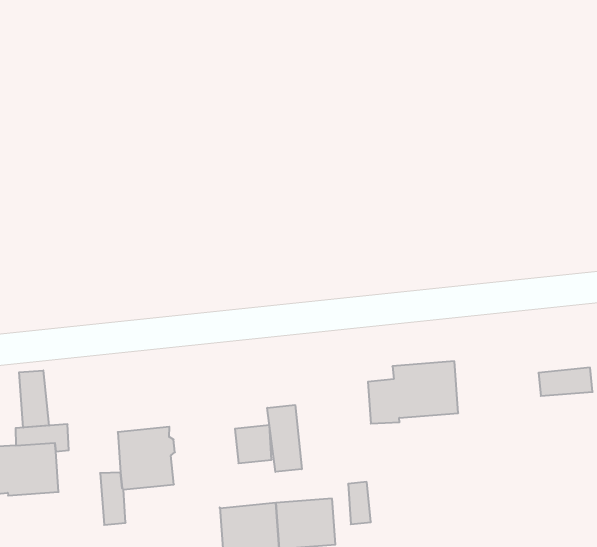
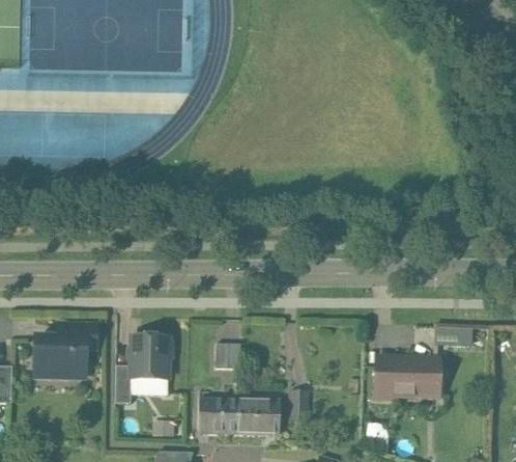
building: [368,361,458,424] -> [375,358,439,399]
building: [19,370,49,428] -> none
building: [267,405,302,472] -> none

